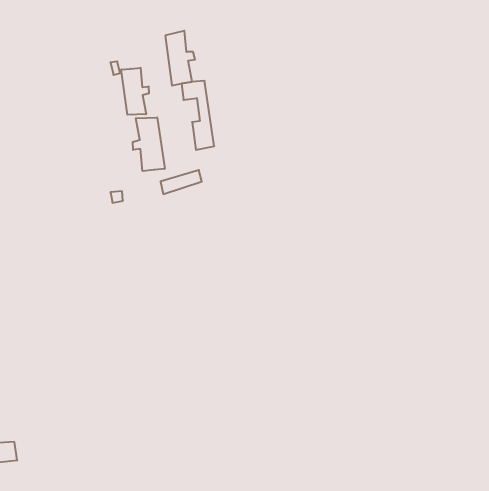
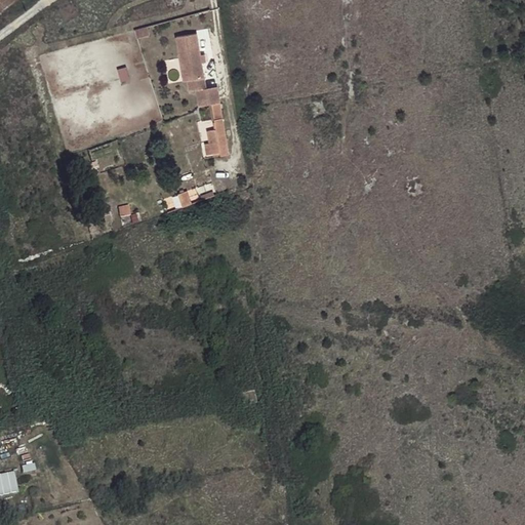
building: [121,68,149,115] -> none
building: [133,117,165,171] -> none

